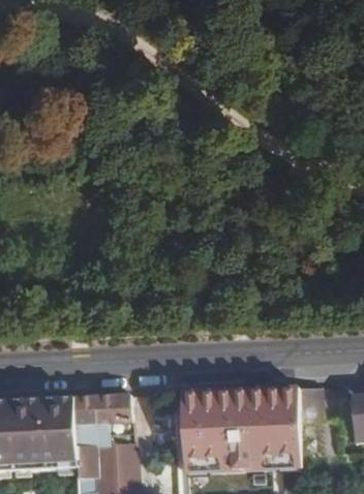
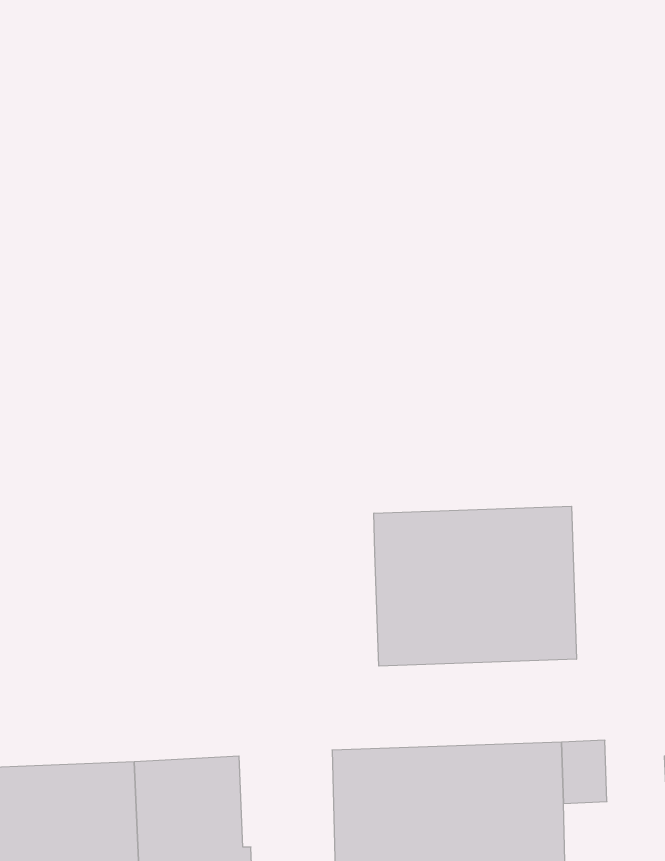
building: none -> [374,506,576,666]

